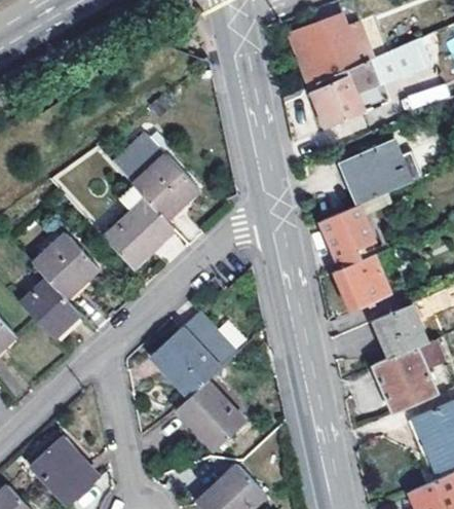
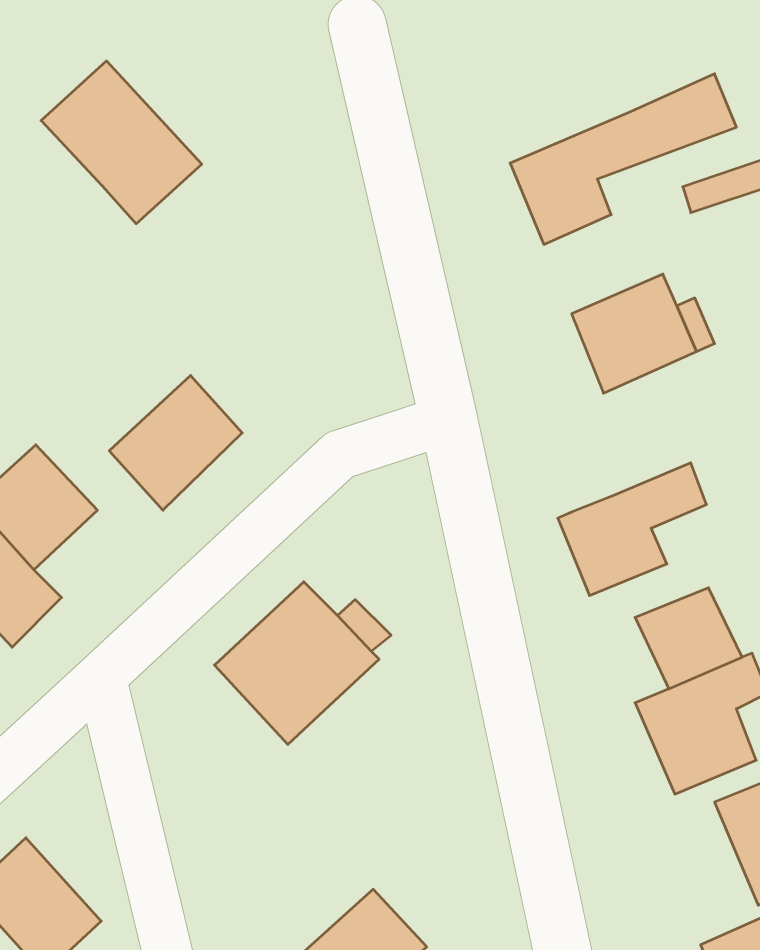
building: [288,14,372,87] -> none
building: [112,133,195,217] -> [41,61,202,224]
building: [320,193,391,268] -> none
building: [181,373,249,443] -> none

